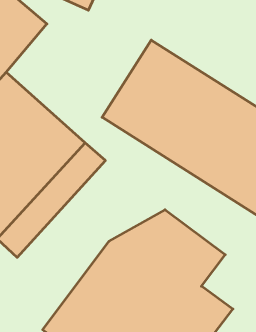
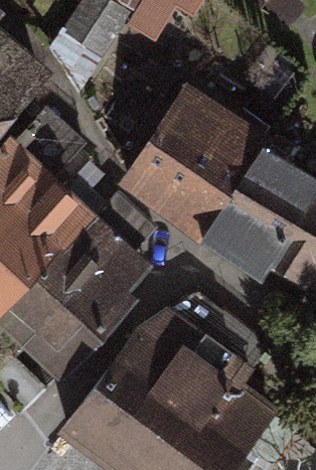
building: none -> [22,237,154,384]

